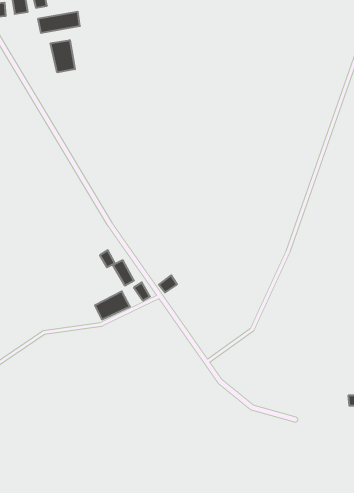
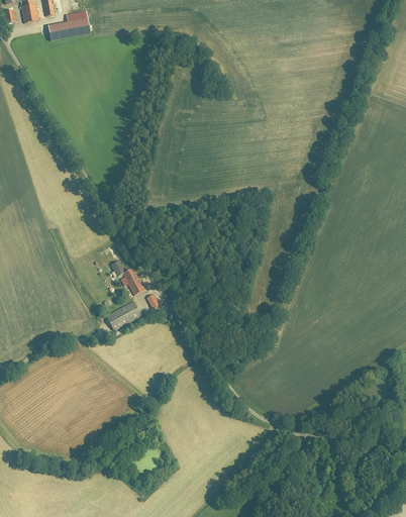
building: [51,40,75,72] -> none

